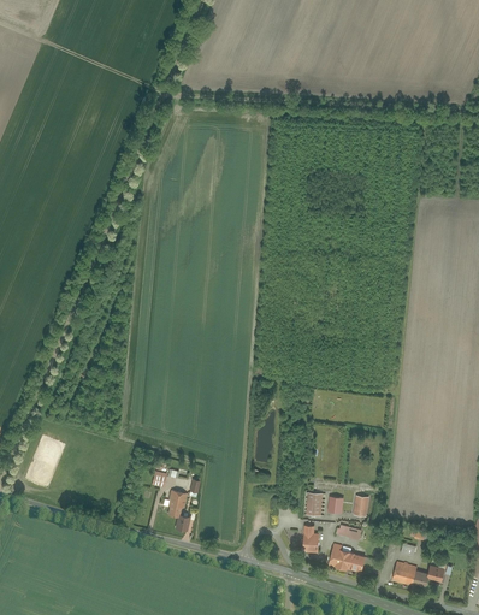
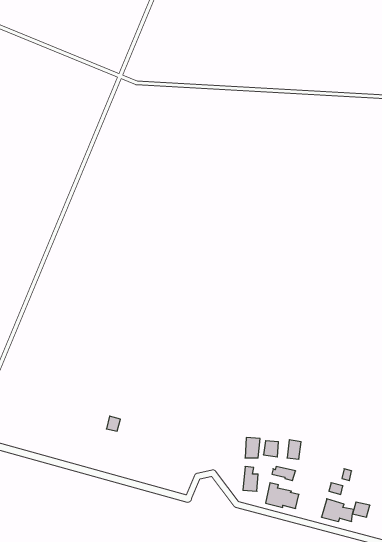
building: [166,489,188,530] -> none

